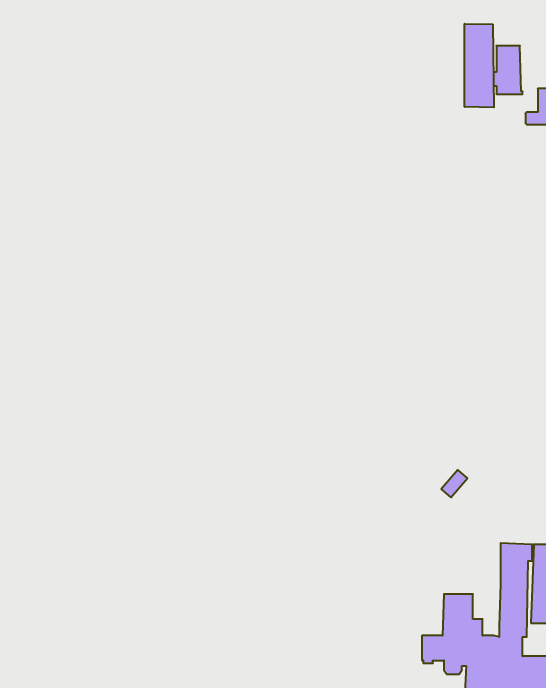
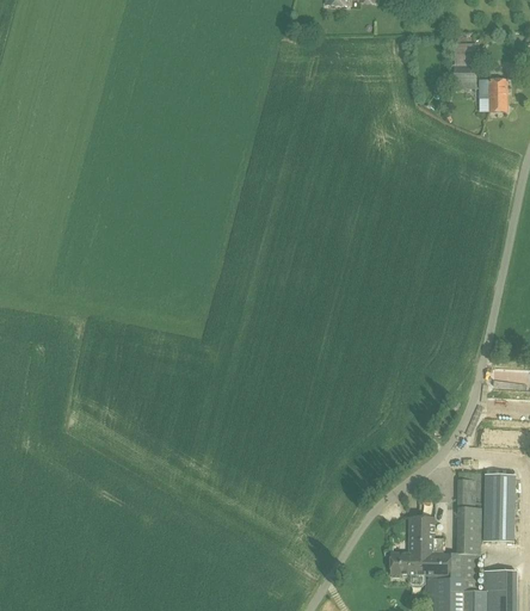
building: [465,24,494,107] -> none

